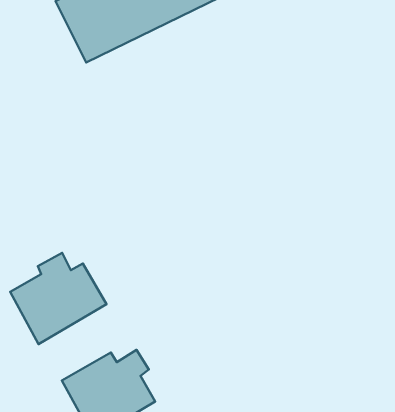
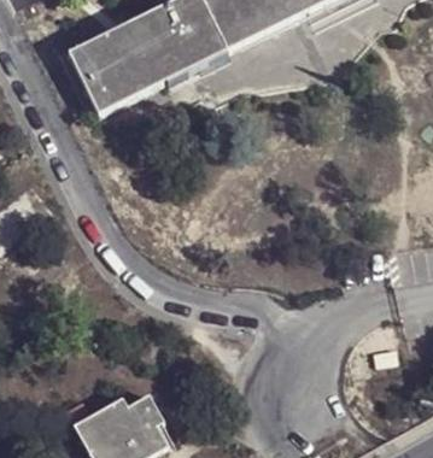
building: [10,253,106,344] -> none

